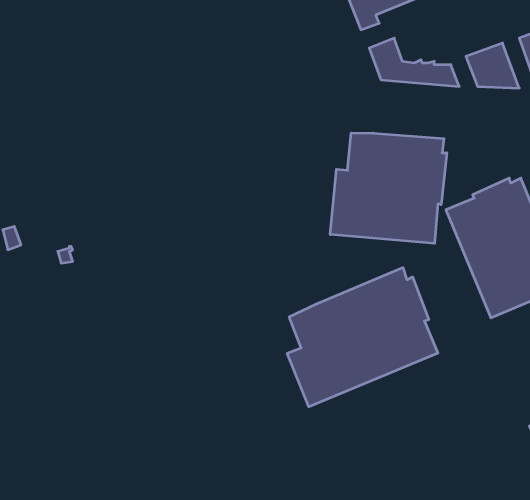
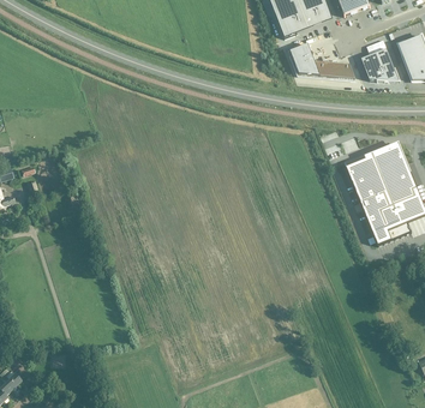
building: [330,133,447,243] -> none
building: [287,268,438,407] -> none

